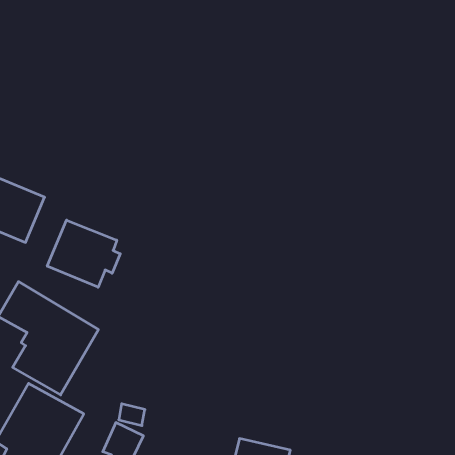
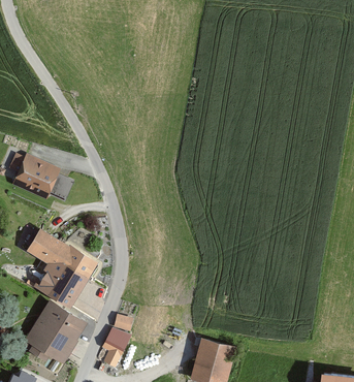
building: [47,220,120,287] -> none

